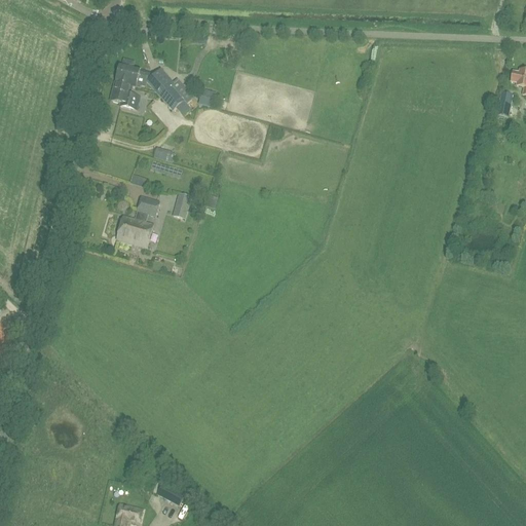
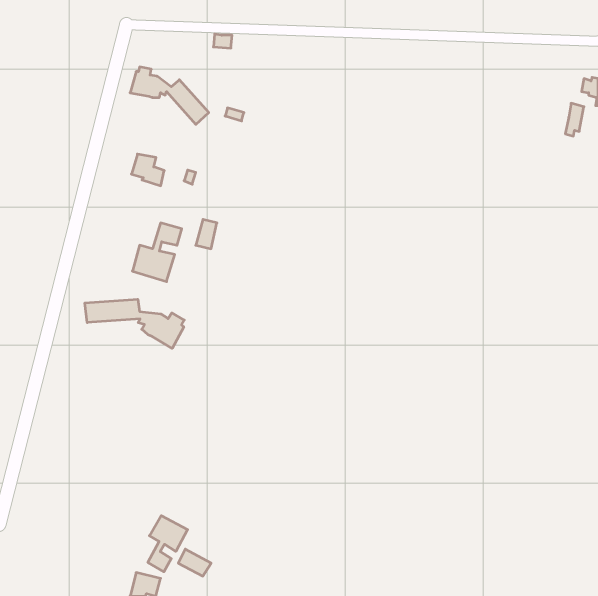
building: [109,81,138,109] -> [131,154,164,186]
building: none -> [85,299,184,348]
building: none -> [148,516,188,572]

